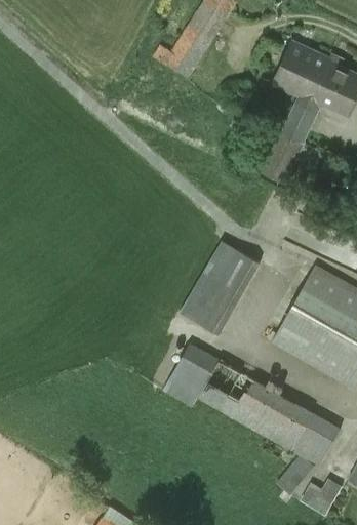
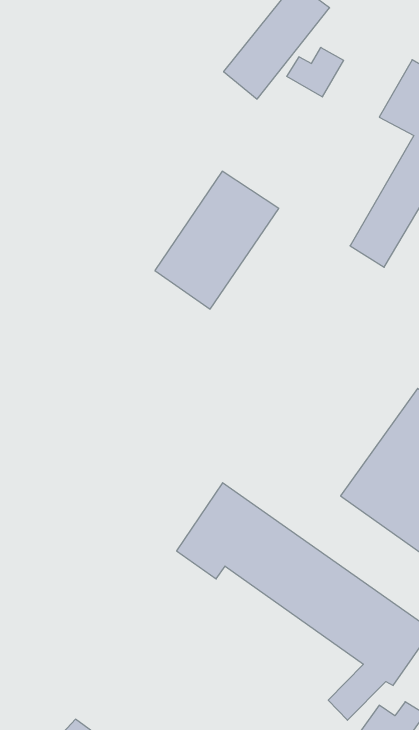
building: none -> [287,47,344,97]
building: [182,239,262,333] -> [155,171,279,309]

